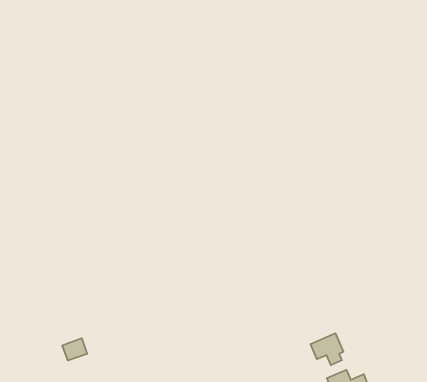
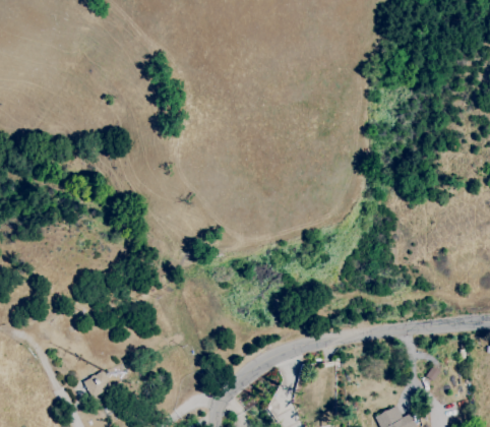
building: [311,333,343,365] -> none

